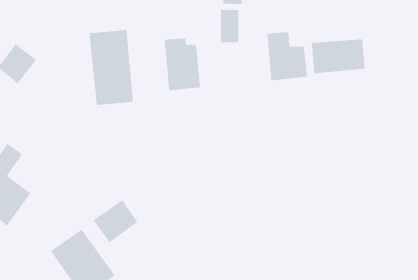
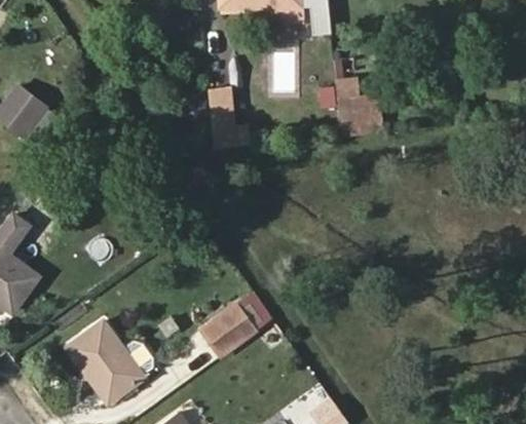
building: [89,29,133,106] -> none
building: [311,39,365,74] -> none
building: [93,199,138,243] -> [200,302,257,356]

